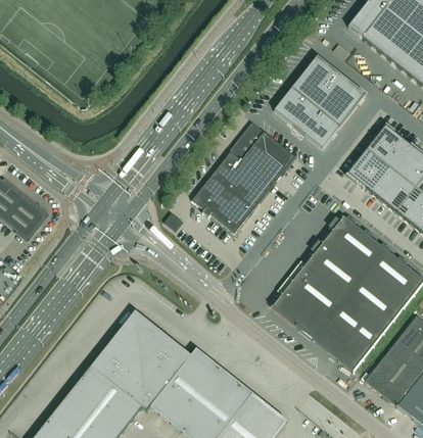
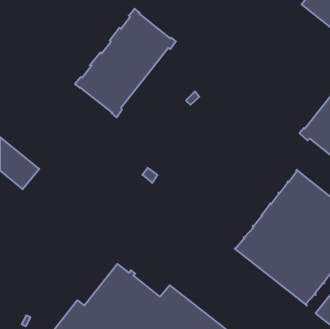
building: none -> [75,9,176,117]
building: [274,54,365,147] -> none
building: [191,119,295,232] -> none

